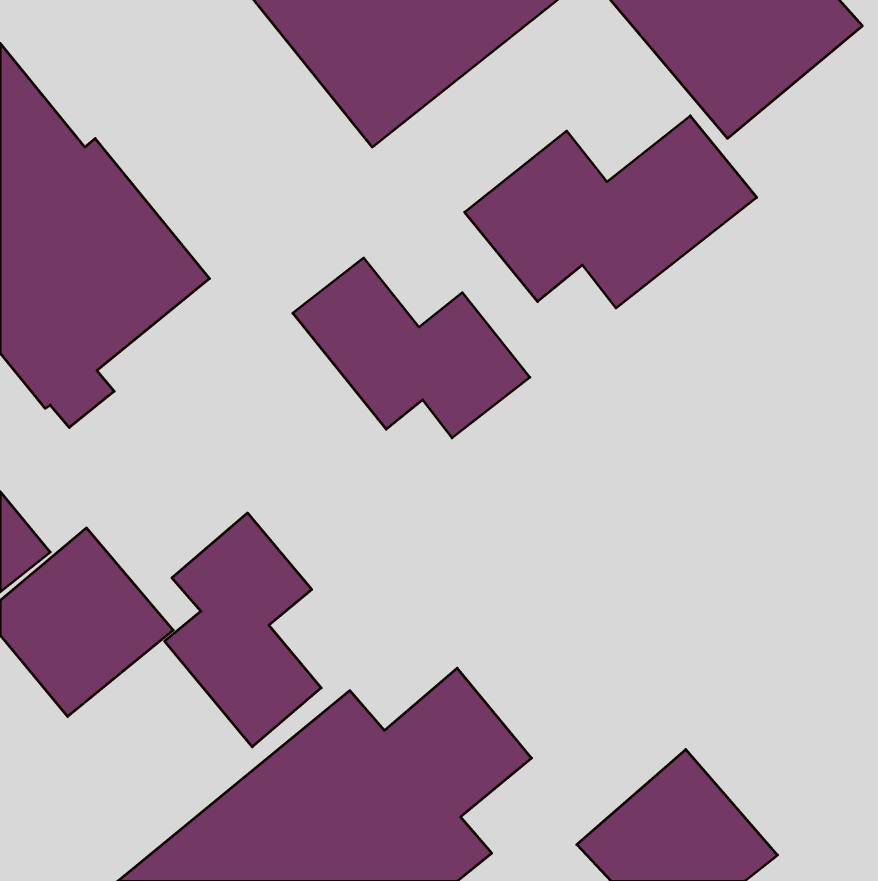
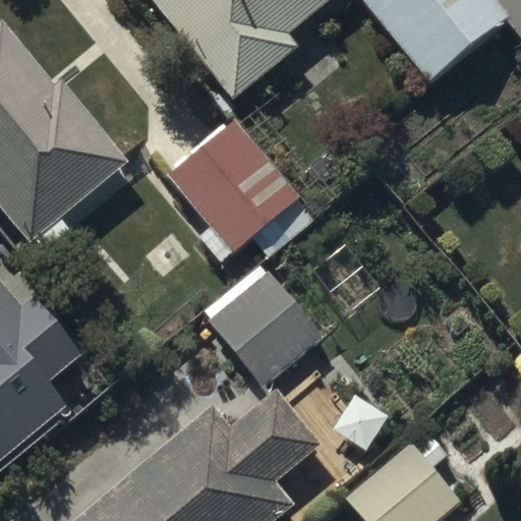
building: [465,116,757,308] -> none
building: none -> [208,267,322,386]
building: [165,513,321,747] -> none

